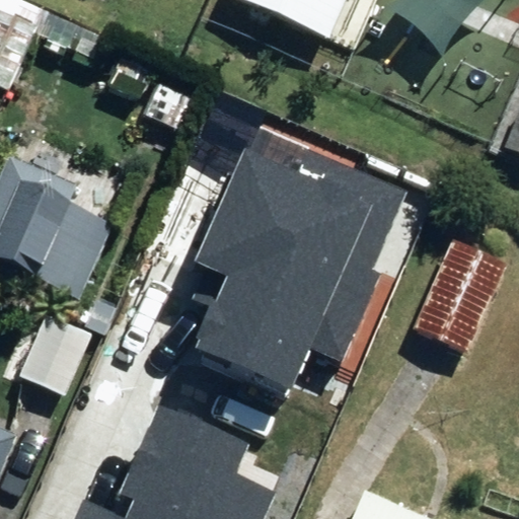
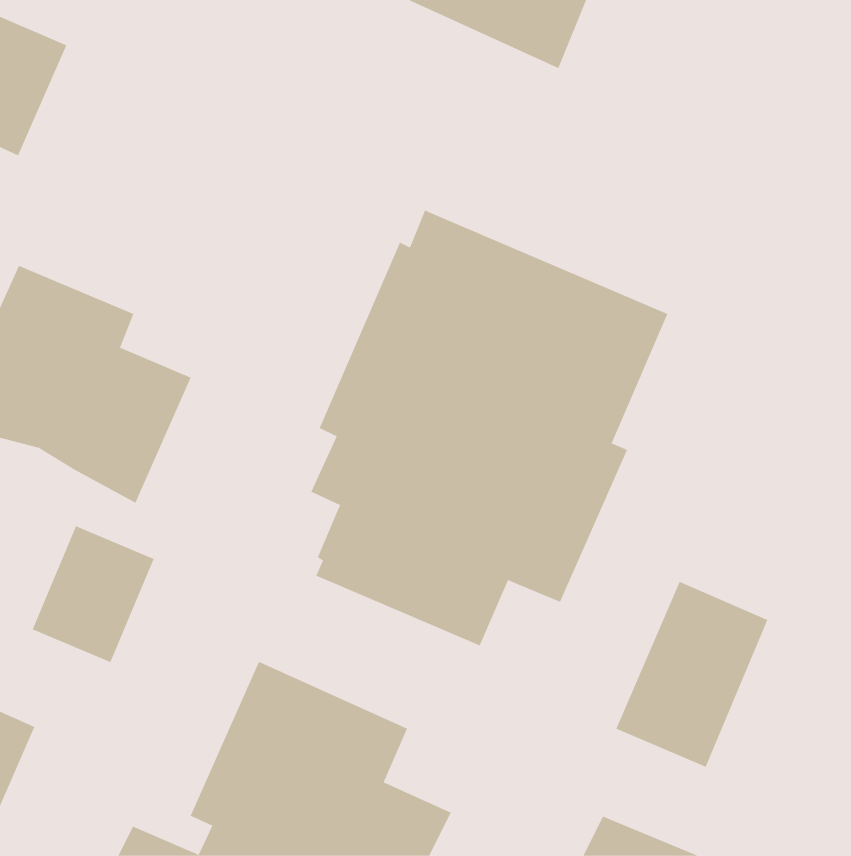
building: [417,244,509,357] -> [615,581,768,767]

